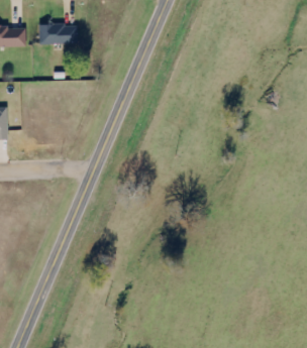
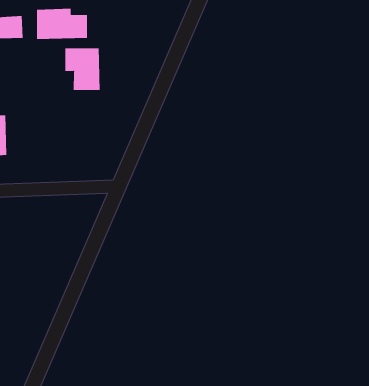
building: none -> [65,47,100,91]

